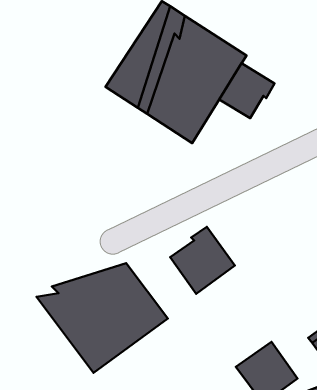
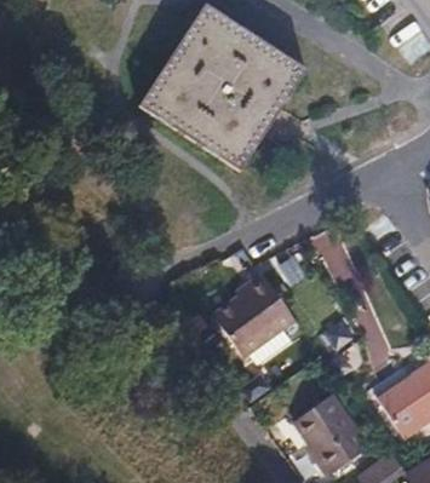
building: [219,63,274,118] -> none
building: [37,263,168,373] -> none

